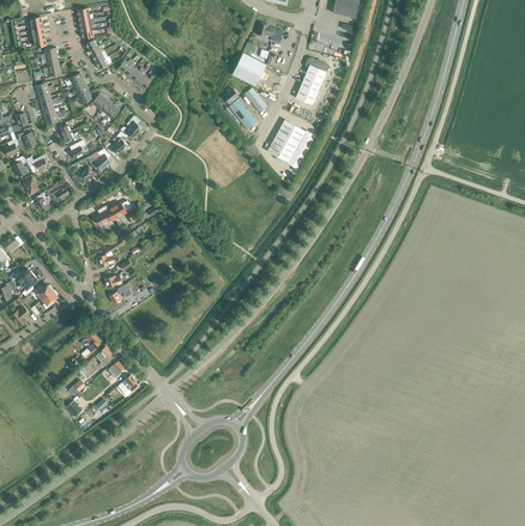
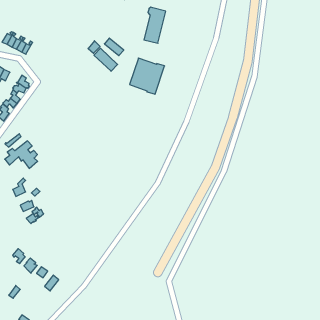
building: [233,52,266,85] -> none

